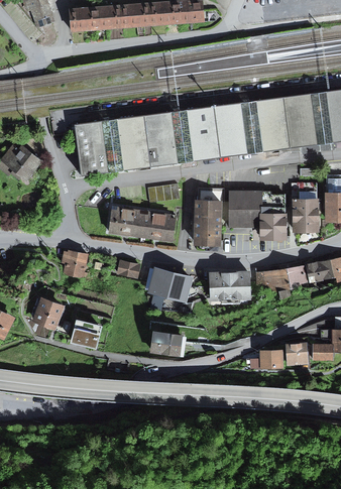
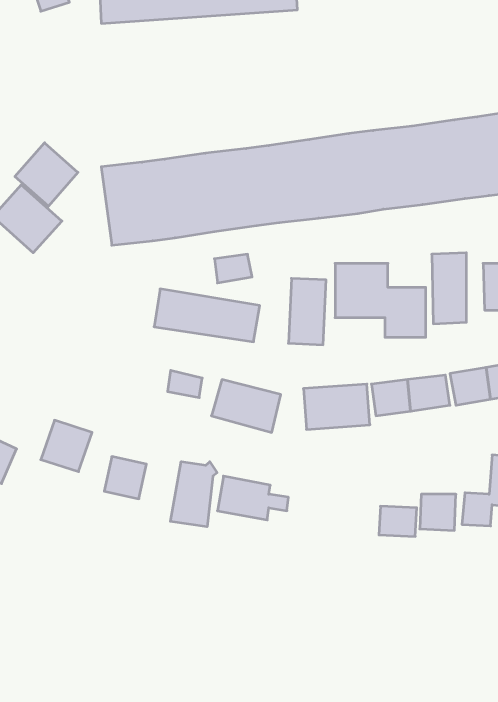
building: none -> [15,143,78,206]
building: [60,250,87,279] -> none
building: none -> [170,462,217,527]

